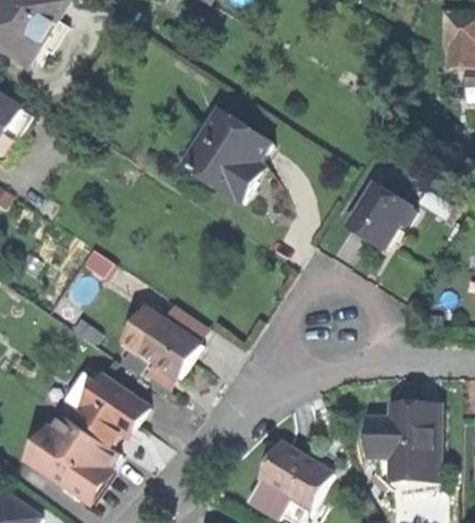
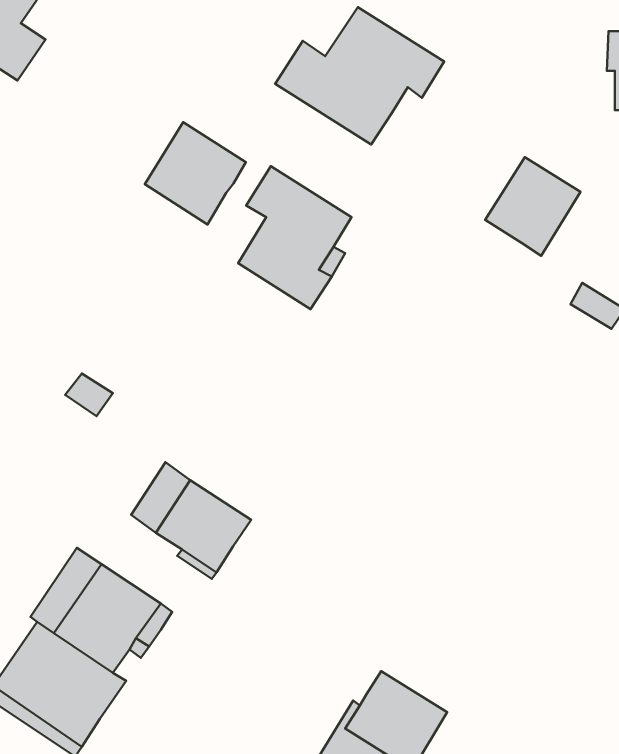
building: none -> [275,7,444,144]
building: none -> [145,122,246,224]
building: [345,183,408,248] -> [485,157,581,256]
building: [371,403,439,472] -> none

